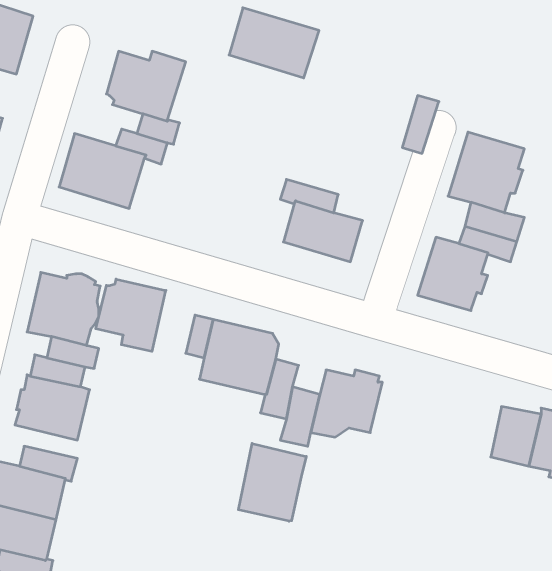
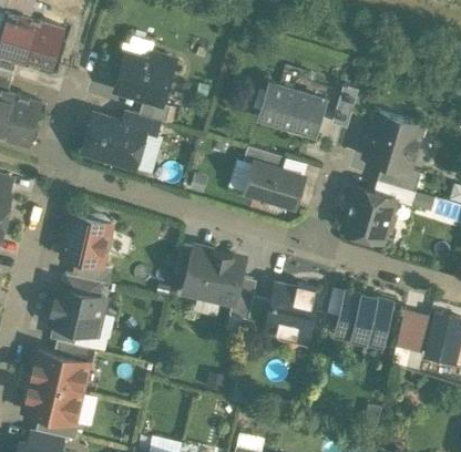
building: [229,8,319,78] -> [259,84,325,135]
building: [96,279,166,351] -> none
building: none -> [335,292,392,347]
building: [238,443,306,521] -> none

